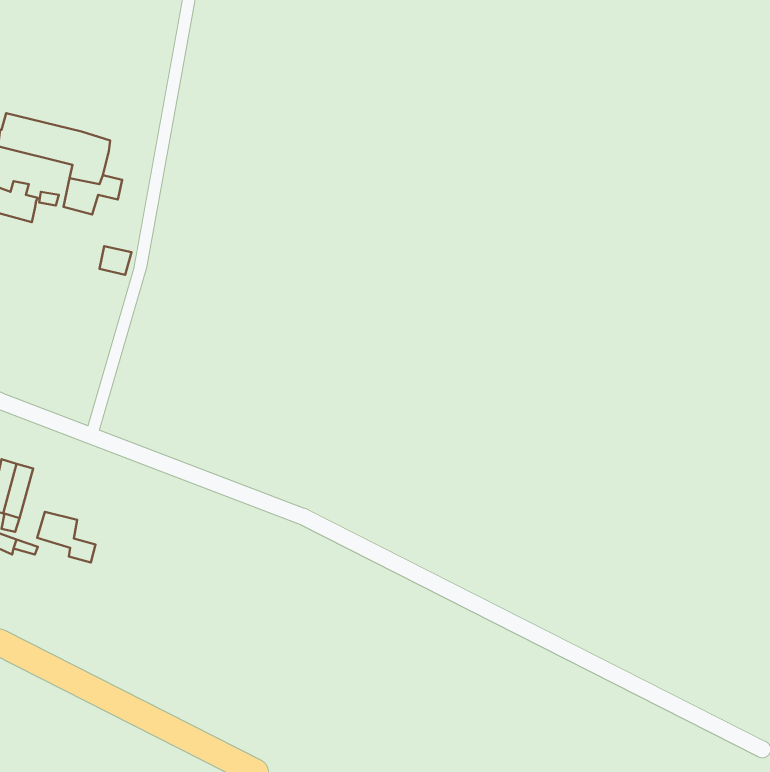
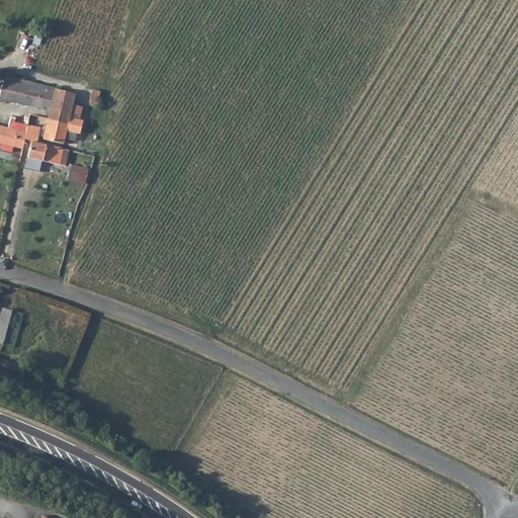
building: none -> [26,142,62,165]
building: [37,512,96,562] -> none

